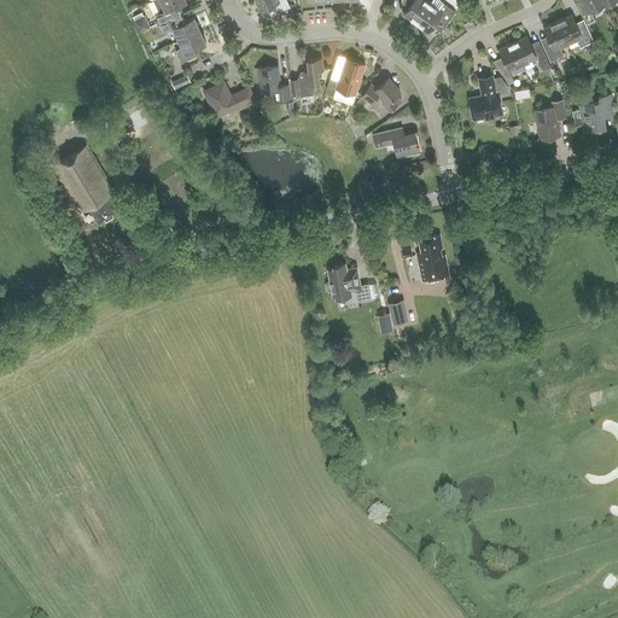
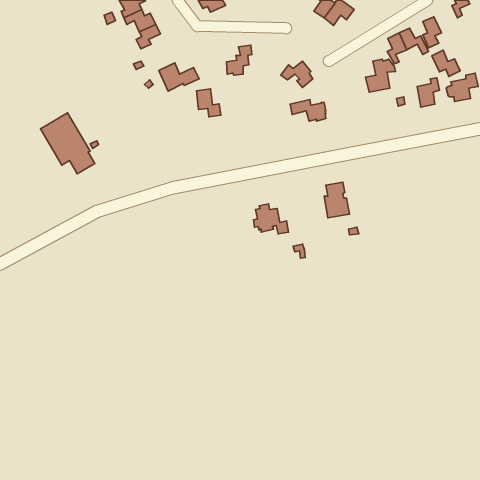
building: [558,14,594,48] -> [432,50,460,77]
building: [325,58,366,95] -> none
building: [260,65,291,101] -> [196,89,221,117]

